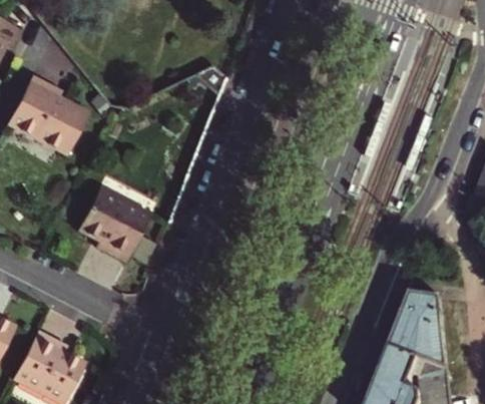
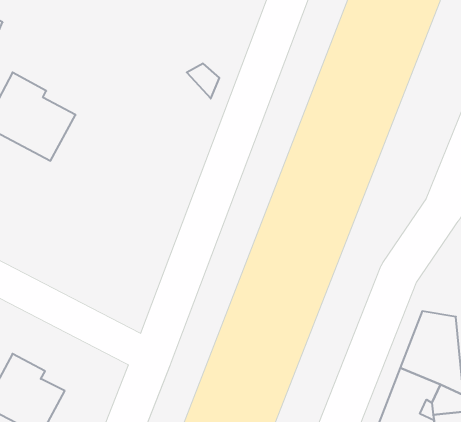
building: [75,186,148,262] -> none

